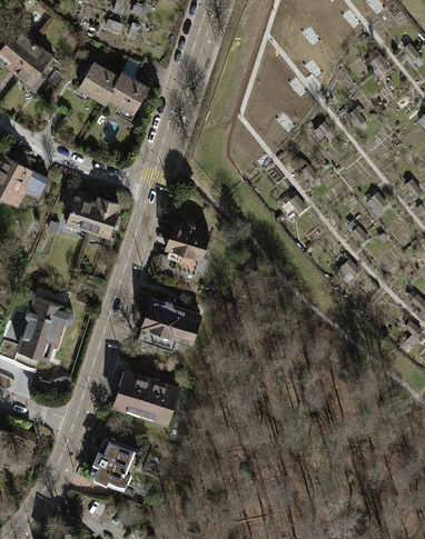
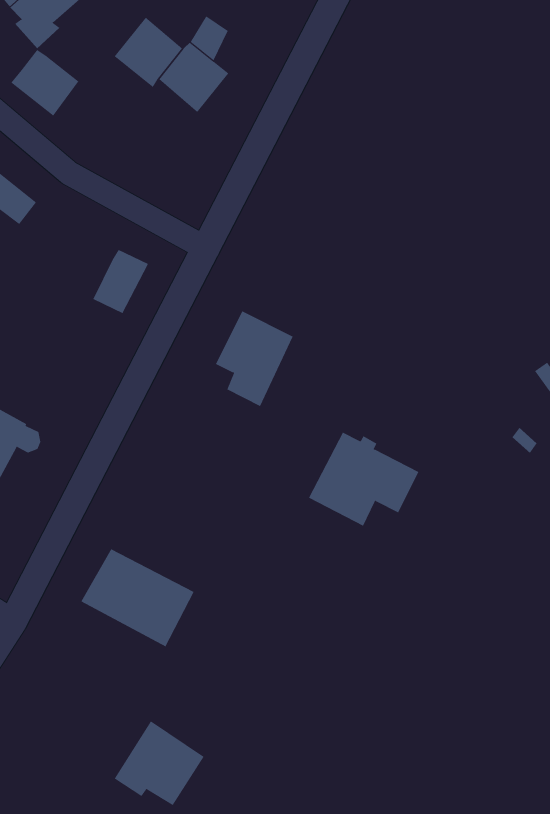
building: none -> [11,49,79,117]
building: [66,192,97,232] -> none
building: [139,301,200,353] -> [308,432,419,527]
building: [89,439,139,486] -> [114,721,205,806]

